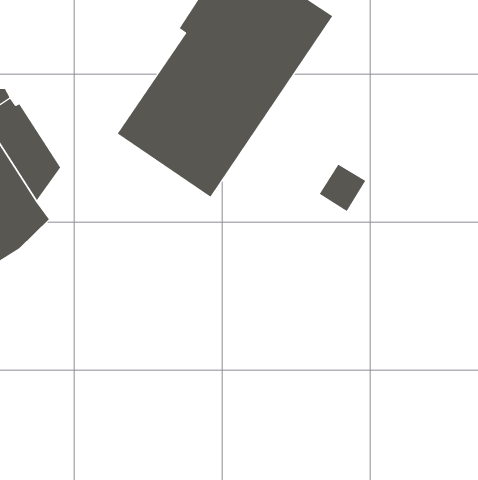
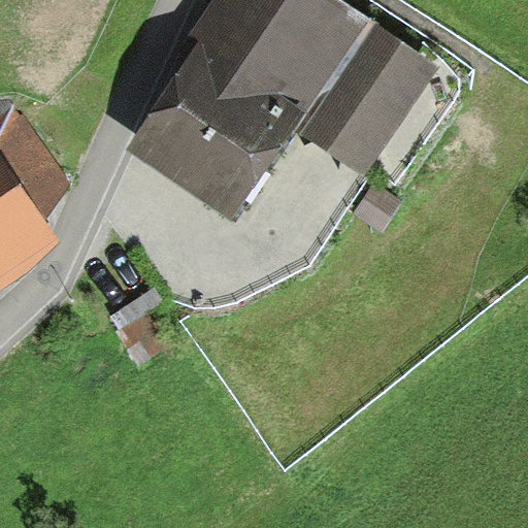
building: none -> [297,23,437,177]

